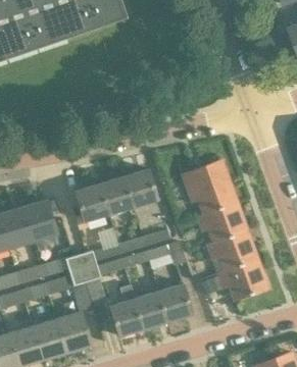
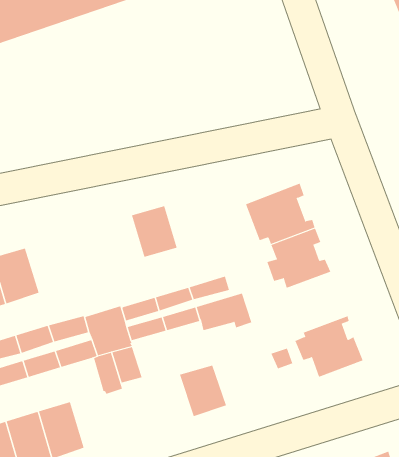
building: [123,169,157,208] -> none
building: [73,185,108,223] -> none
building: [22,200,57,241] -> none
building: [207,225,256,269] -> none
building: [158,284,193,322] -> none
building: [109,287,144,338] -> none
building: [55,312,91,353] -> none

